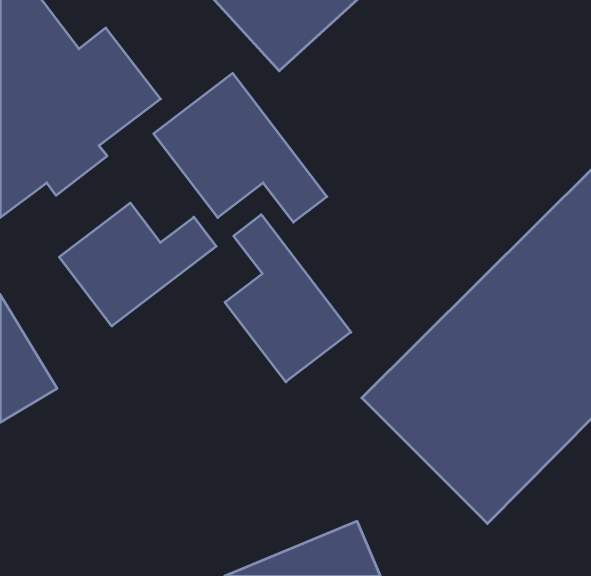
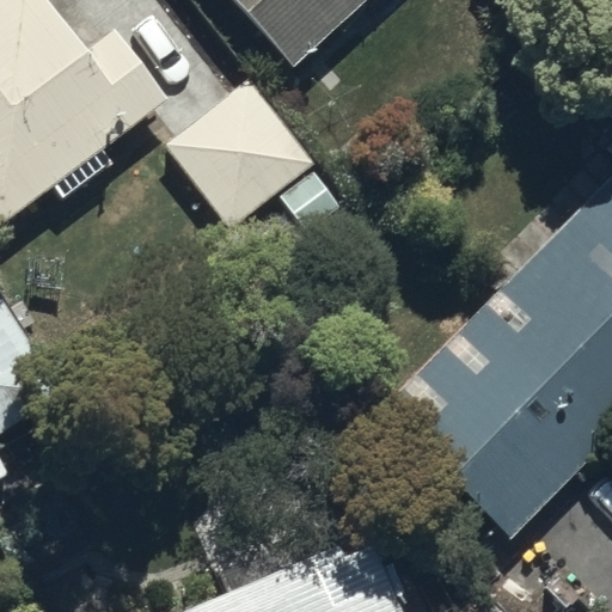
building: [59,203,216,326] -> none
building: [225,215,351,382] -> none

